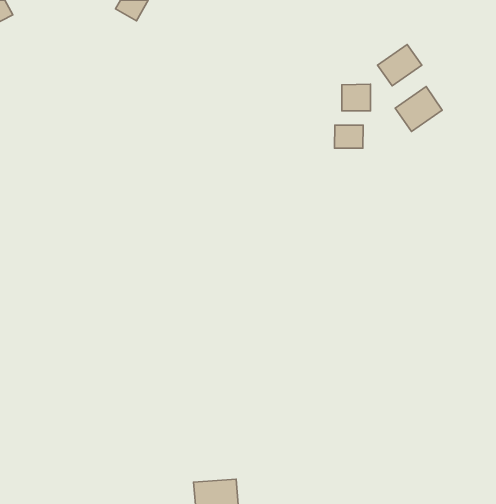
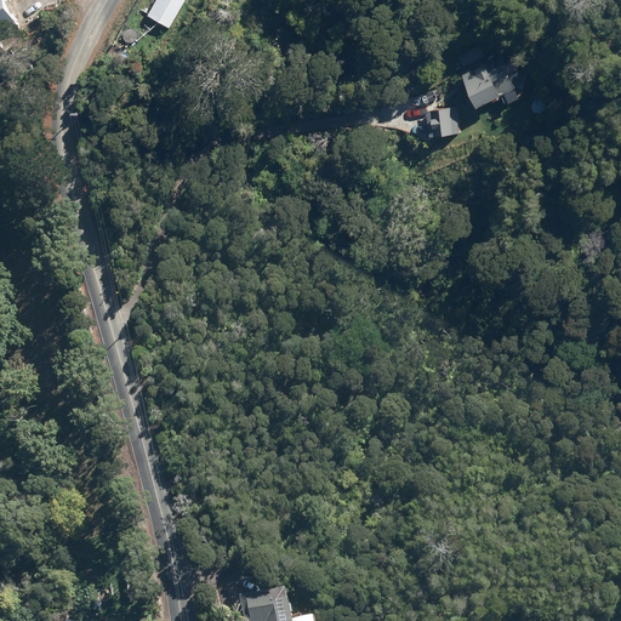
building: [395,87,442,132] -> none
building: [335,125,363,148] -> none

